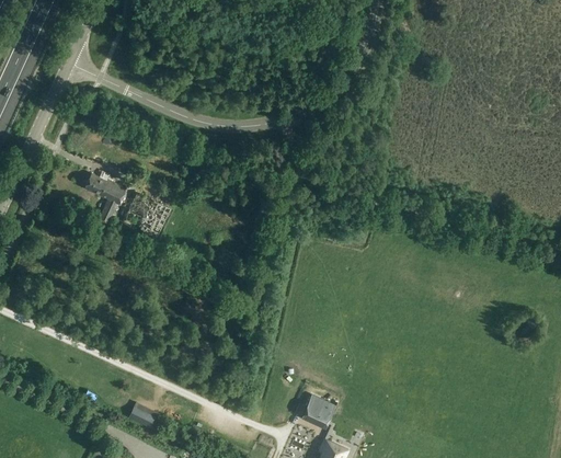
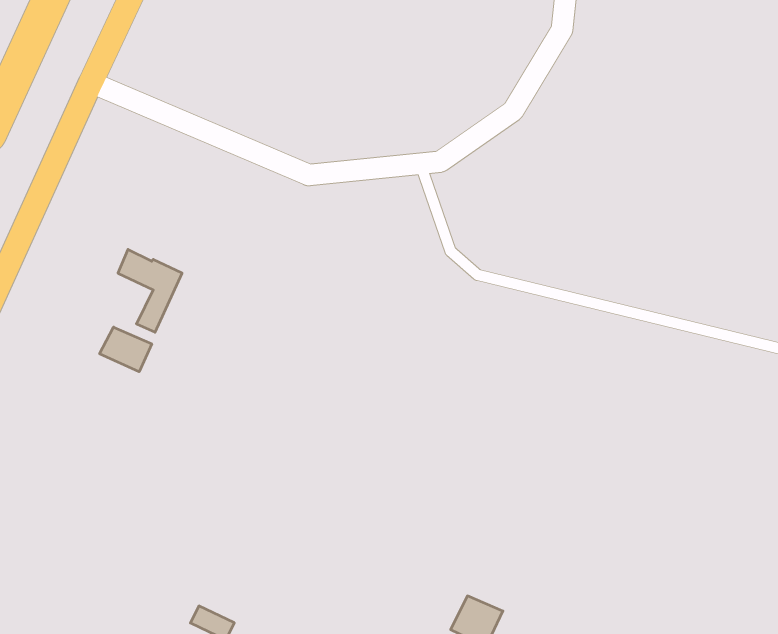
building: none -> [100,327,152,372]

